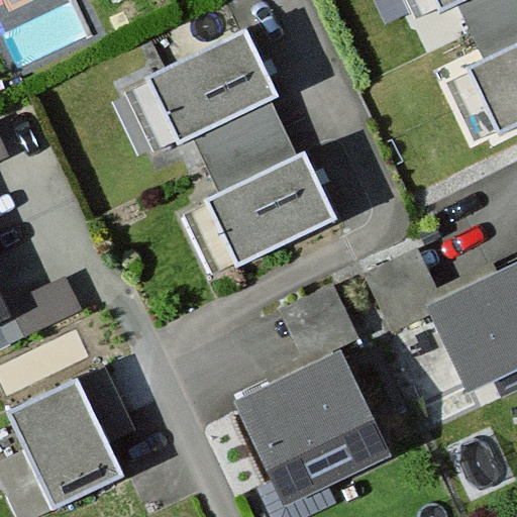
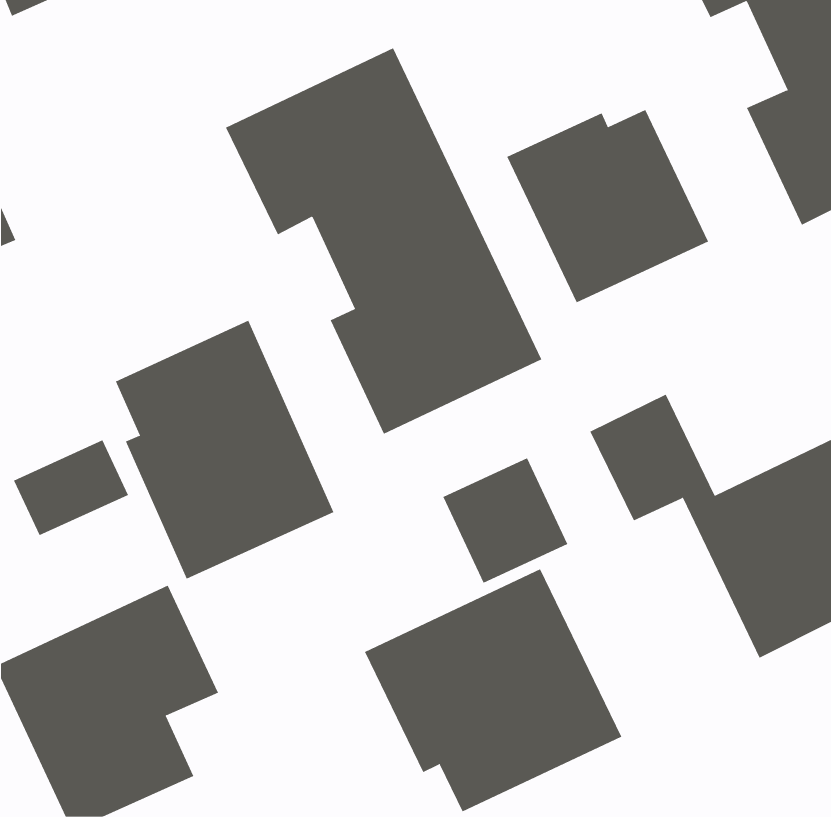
building: none -> [507,109,709,303]
building: none -> [115,320,334,580]

